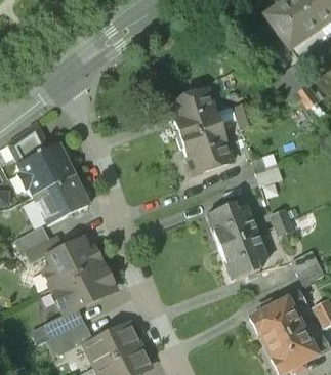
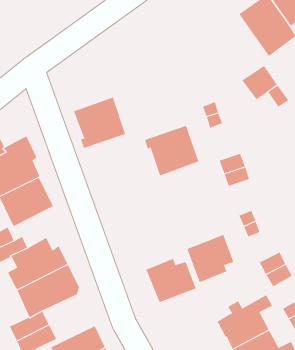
building: [167,88,219,139] -> [73,97,126,149]
building: [206,203,256,247] -> [146,258,196,303]

